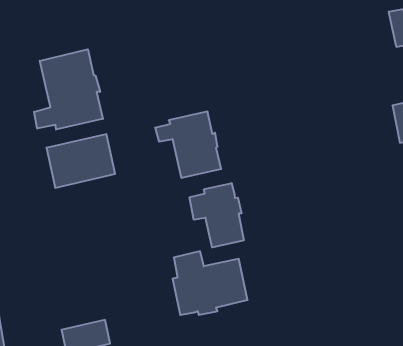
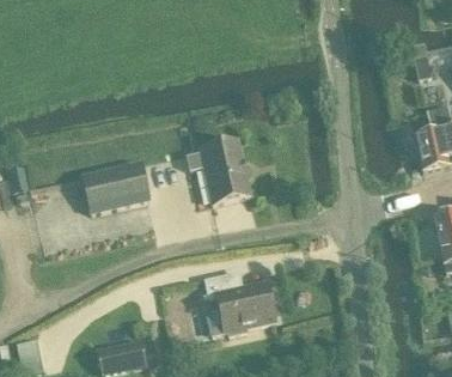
building: [34,49,103,130] -> none
building: [190,183,244,247] -> none

